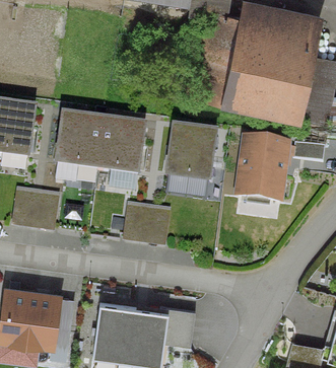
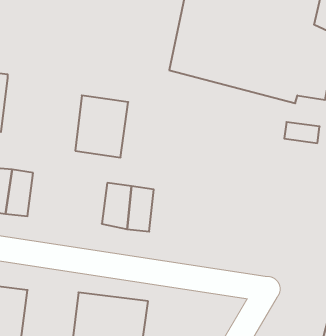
building: [58,116,106,171] -> none
building: [167,134,213,185] -> none
building: [238,143,285,203] -> none

